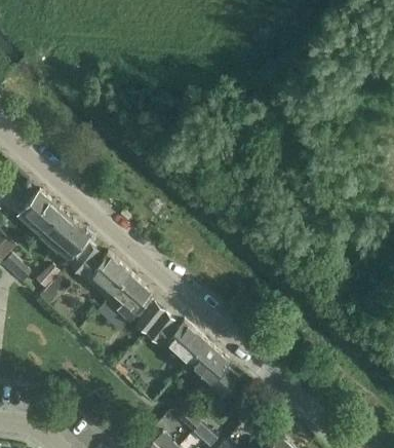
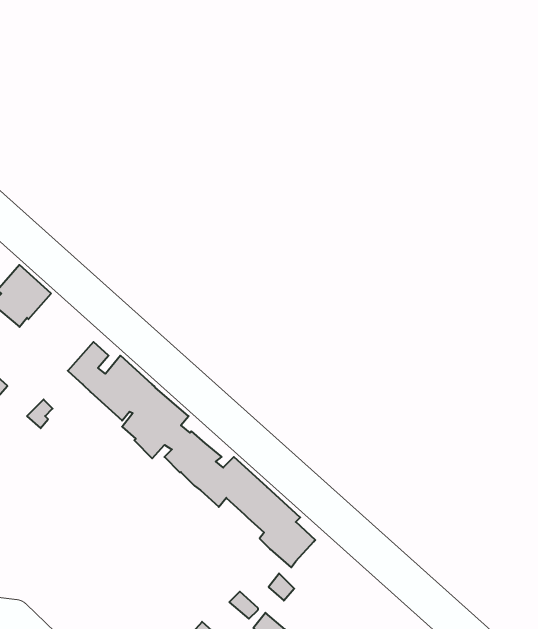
building: [41,211,89,259] -> none

